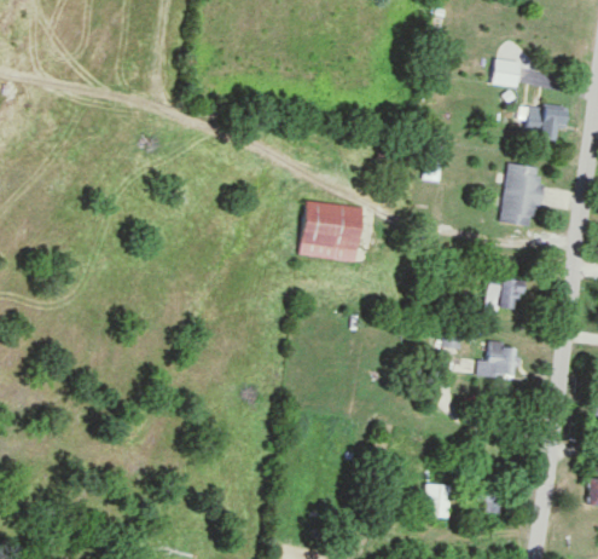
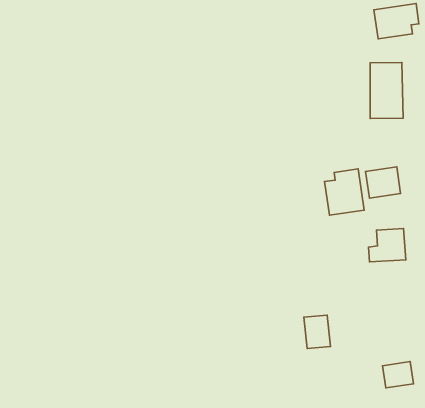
building: [300,200,364,261] -> none
building: none -> [325,169,364,215]
building: [423,483,449,518] -> [304,315,331,349]

